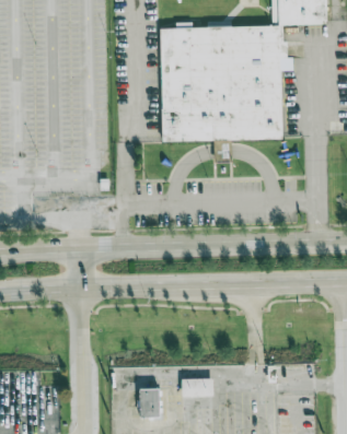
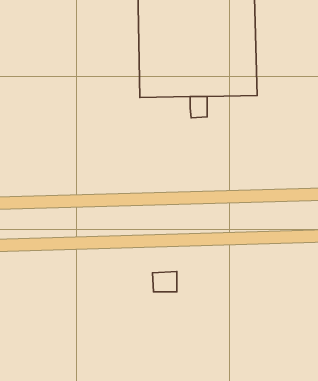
building: [190,379,216,400] -> [152,272,177,292]
building: [142,390,166,418] -> none

